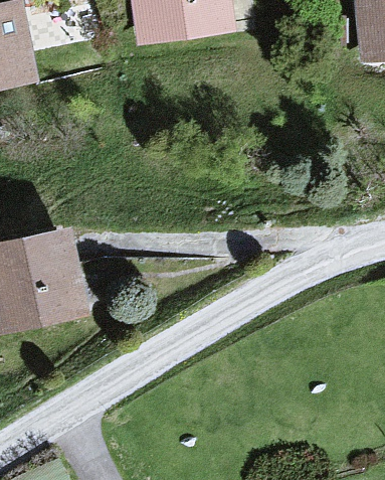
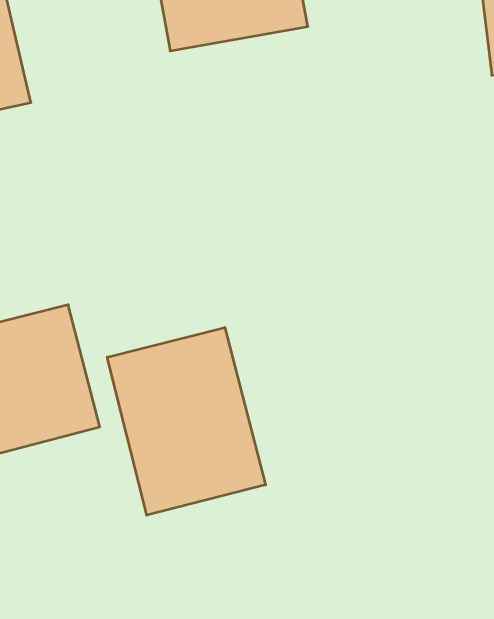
building: none -> [107,327,266,515]

